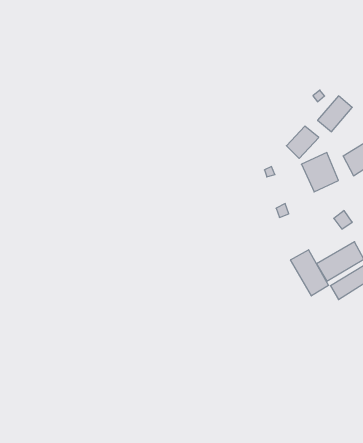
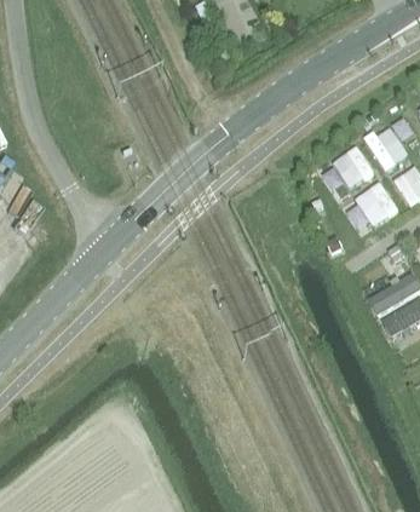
building: [291,250,328,296] -> none

